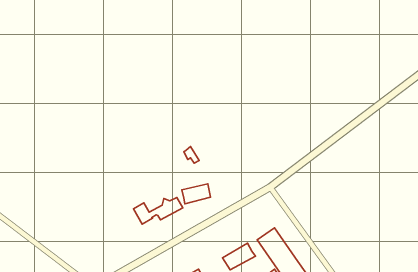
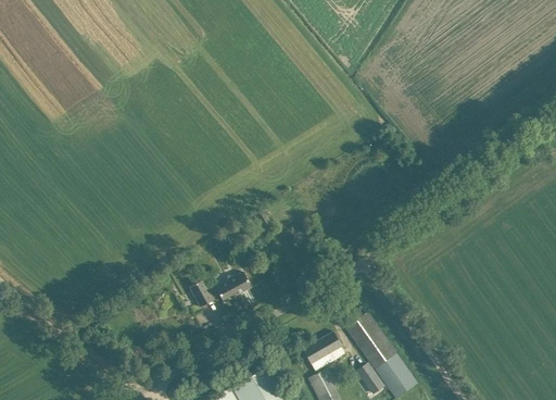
building: [182,184,210,204] -> none

